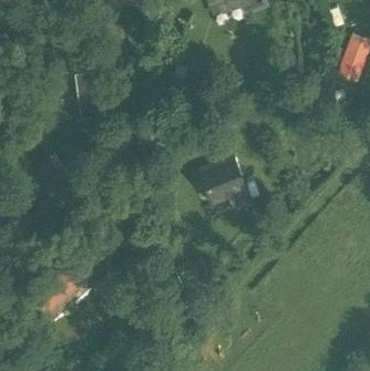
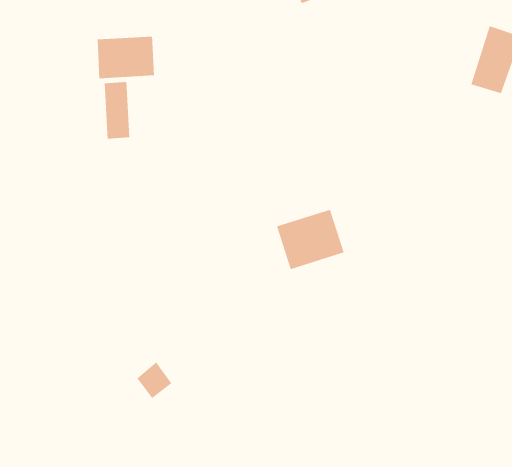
building: none -> [97,36,154,79]

